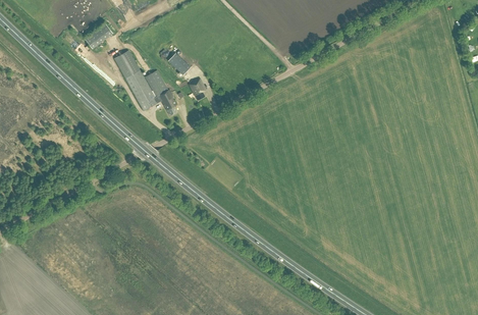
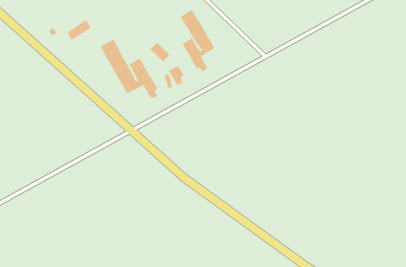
building: none -> [180,9,215,72]

